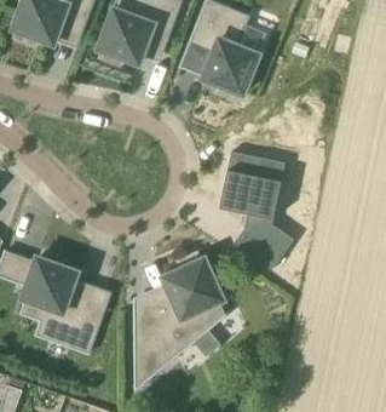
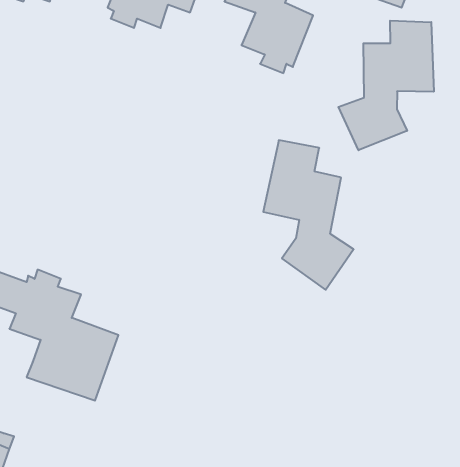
building: none -> [338,21,434,150]
building: [134,254,225,389] -> none

